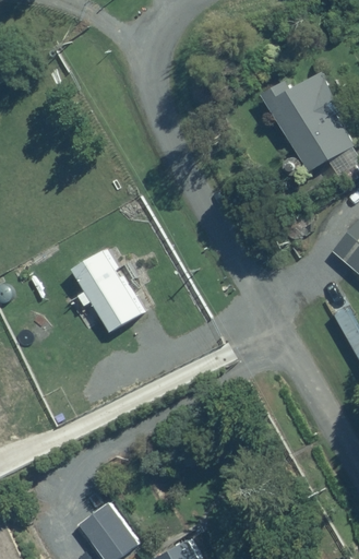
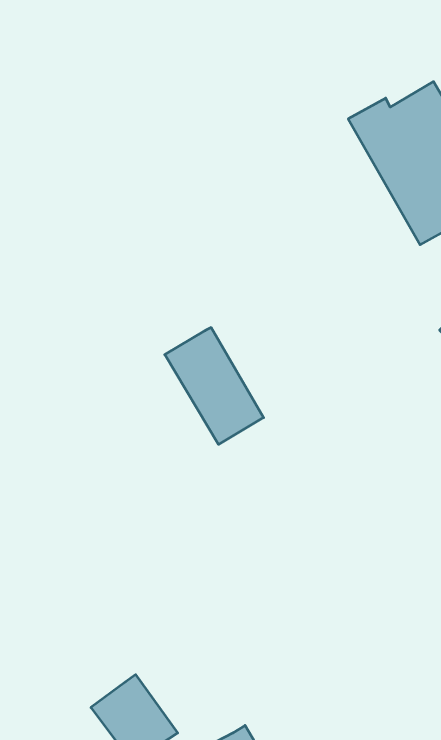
building: [72,250,144,335] -> [165,328,264,444]

